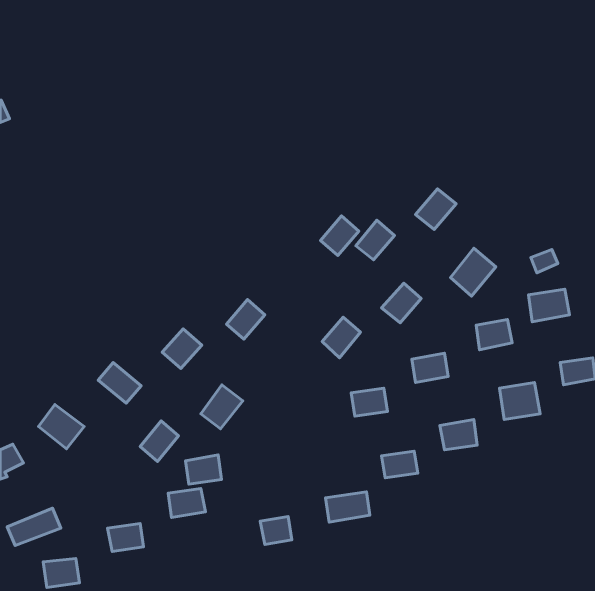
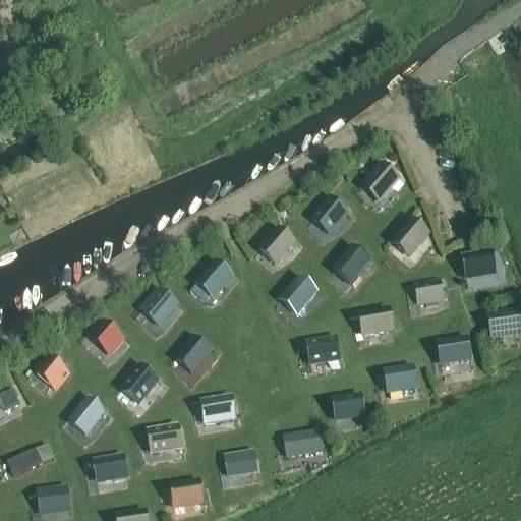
building: [320,216,359,256] -> [260,229,294,264]
building: [185,455,222,484] -> [202,397,234,422]
building: none -> [69,398,104,433]
building: none -> [171,481,204,507]

